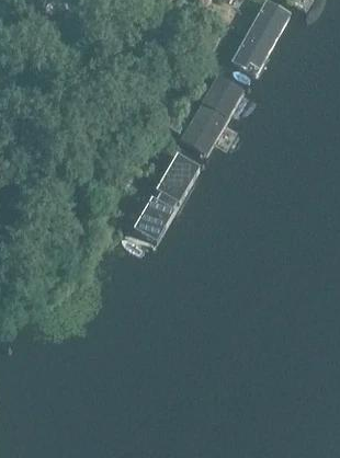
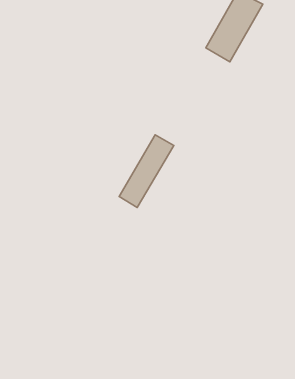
building: [178,76,243,156] -> none

